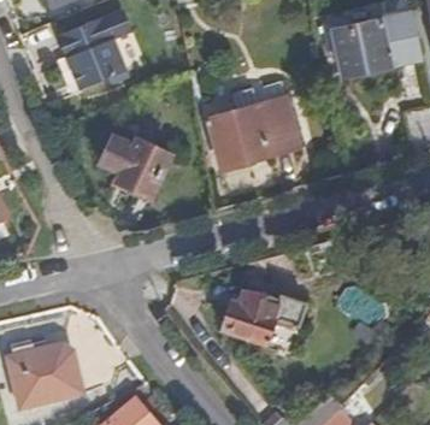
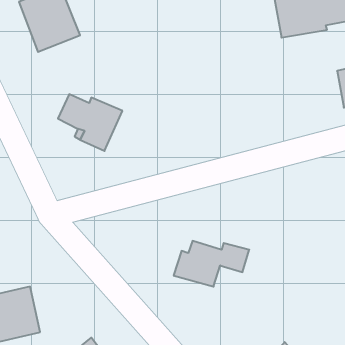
building: [206,93,296,166] -> none

